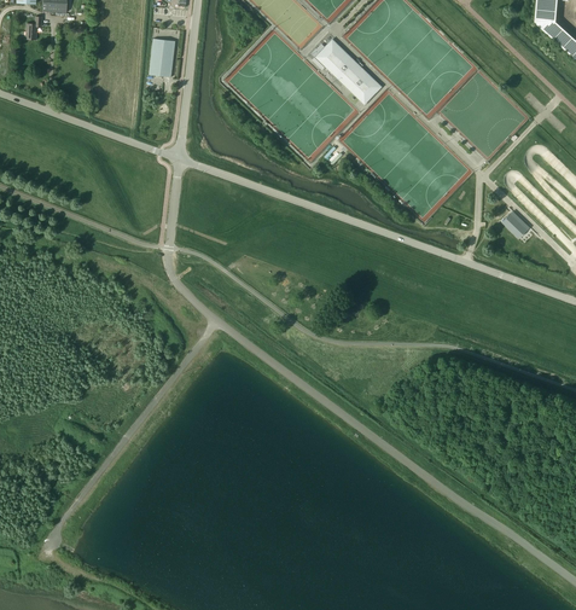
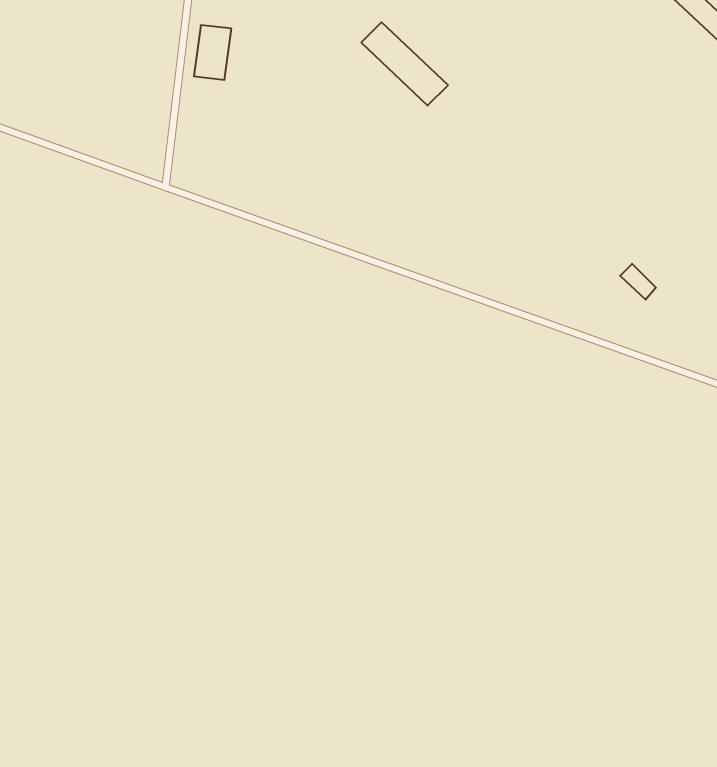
building: [149,37,175,76] -> [194,25,231,80]

